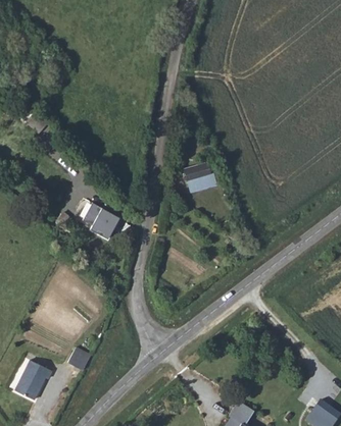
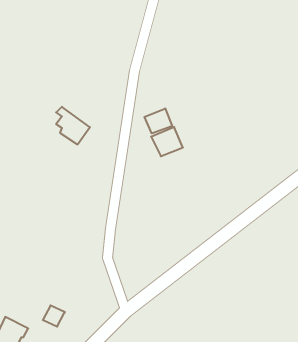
building: none -> [144,108,172,133]
building: [80,192,115,231] -> [56,107,90,144]

